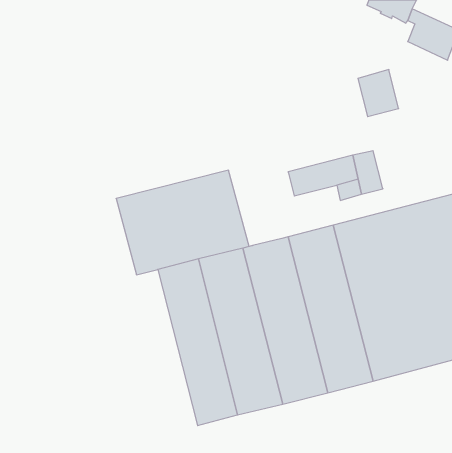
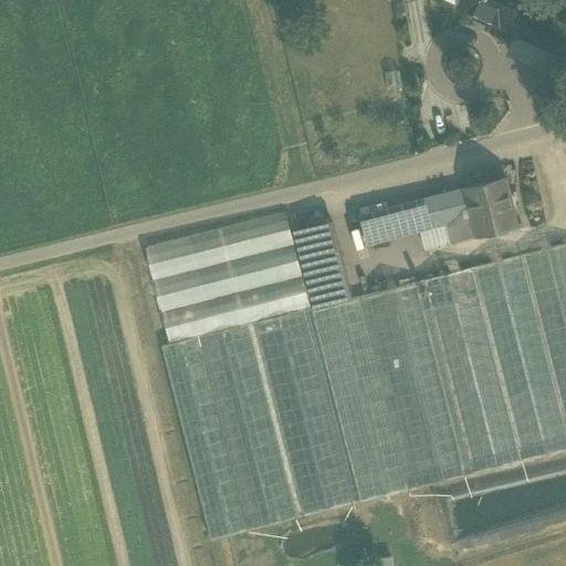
building: [358,70,399,117] -> [467,177,517,235]
building: none -> [297,221,353,306]
building: none -> [163,336,248,539]

